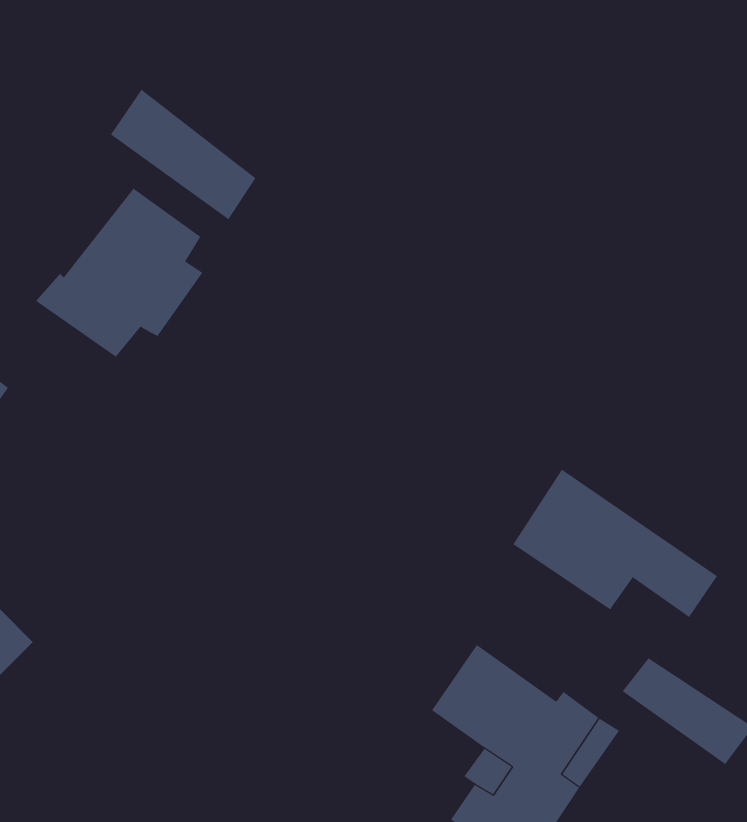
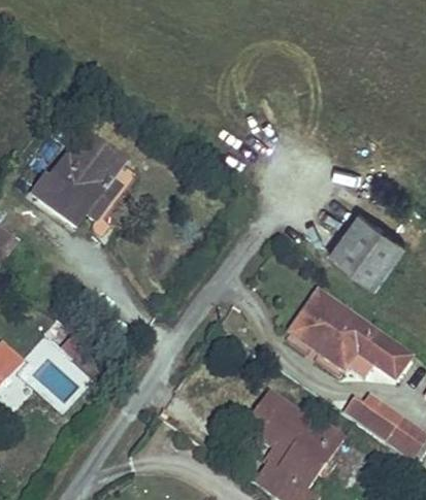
building: [110,89,256,220] -> none
building: none -> [330,205,405,277]

